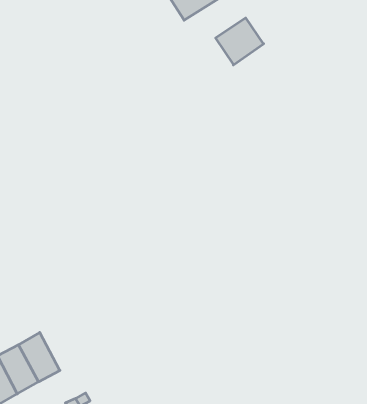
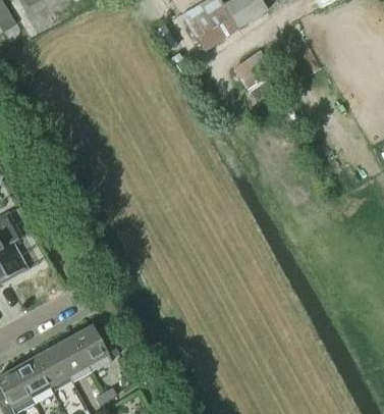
building: none -> [72,324,119,369]

